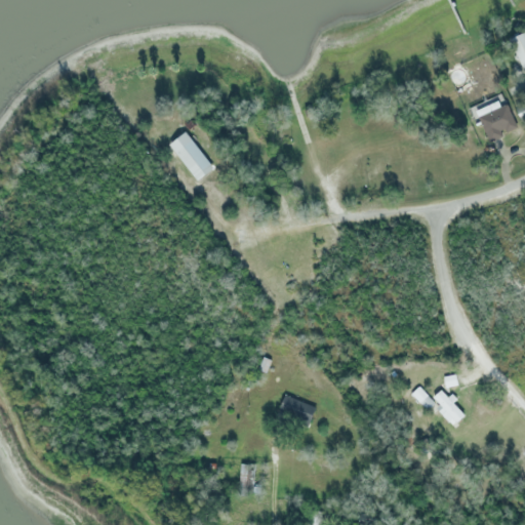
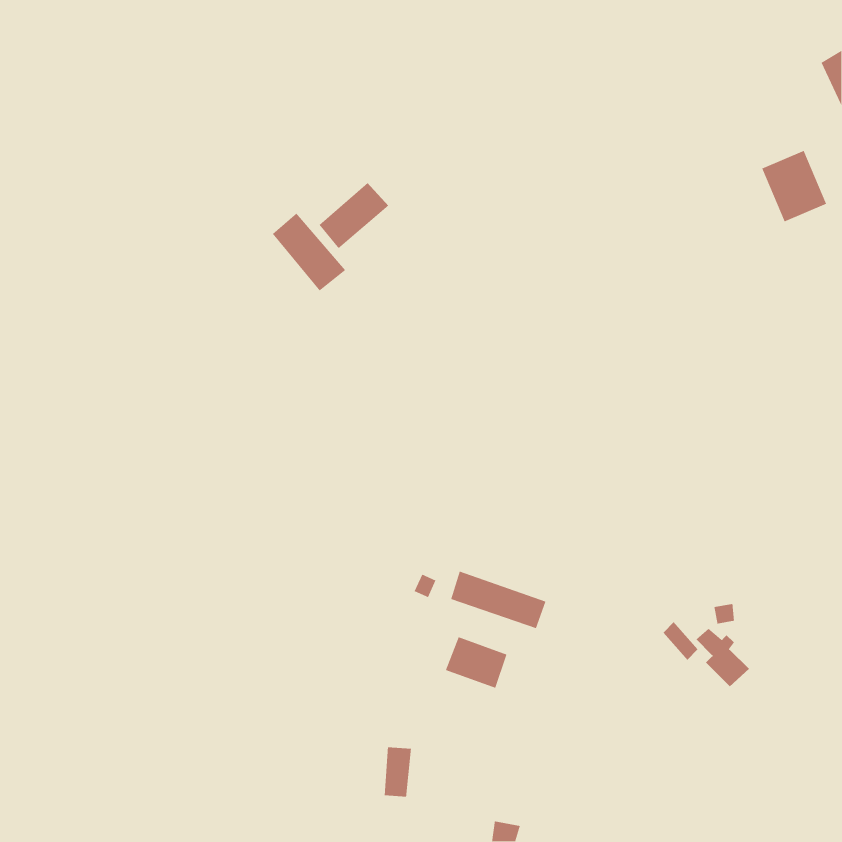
building: none -> [319,182,389,249]
building: none -> [450,570,547,629]

